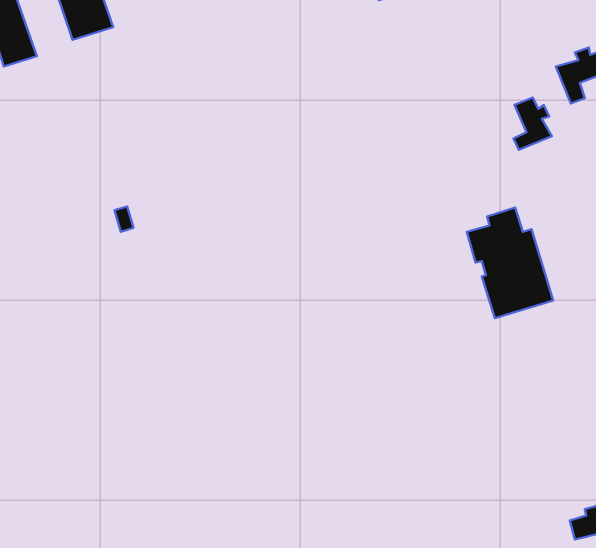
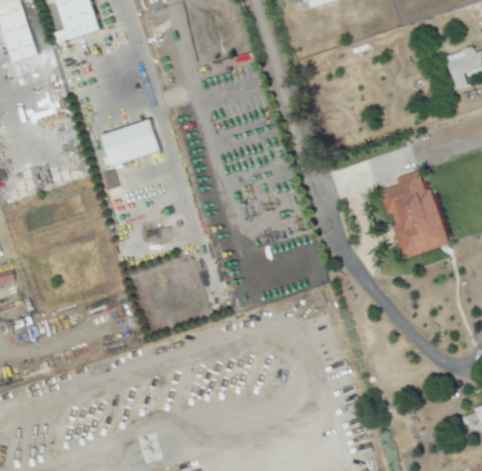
building: [514,98,552,150] -> none
building: none -> [103,118,162,166]

